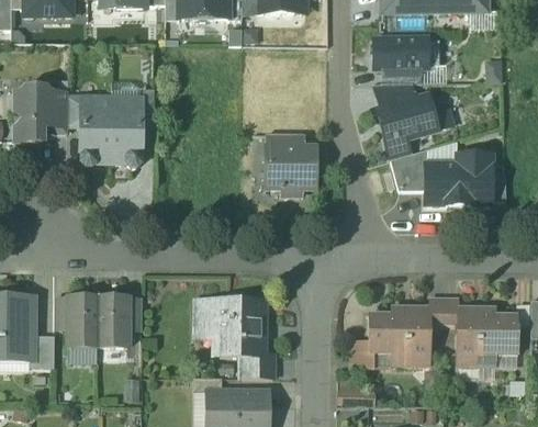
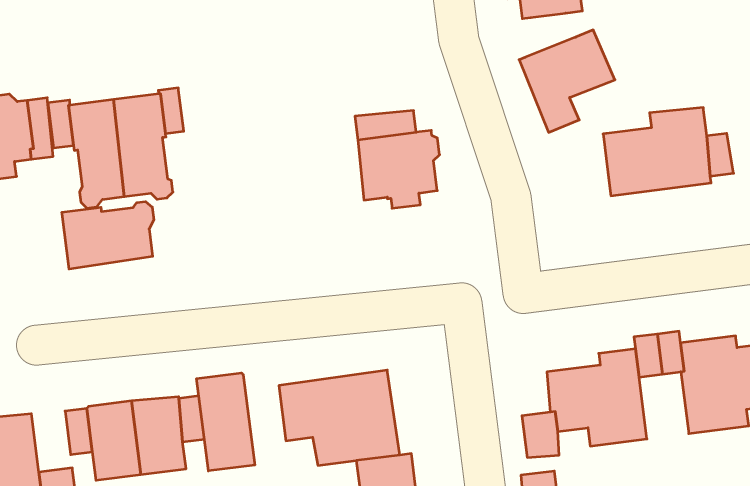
building: [374,81,415,106] -> none
building: [390,147,427,188] -> none
building: none -> [62,202,154,269]
building: none -> [197,373,255,471]

